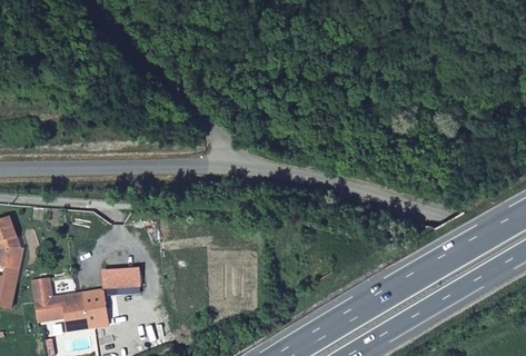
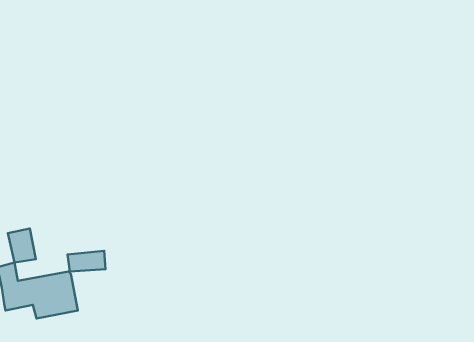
building: none -> [8,228,36,262]

